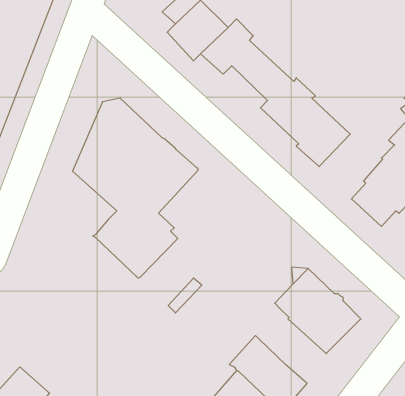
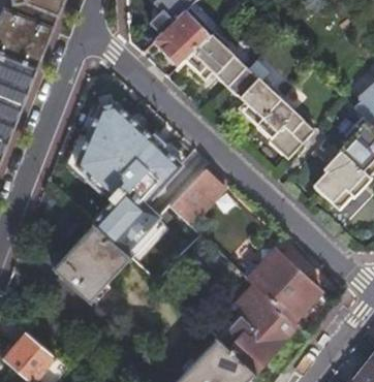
building: none -> [170,167,225,224]
building: none -> [52,220,130,300]
building: none -> [231,281,297,346]

